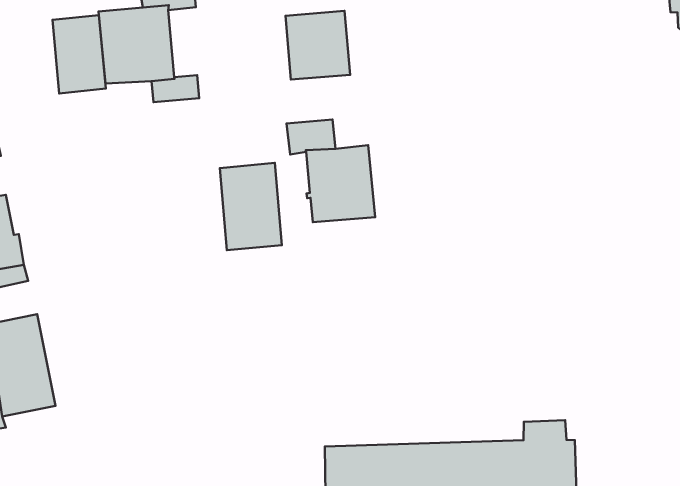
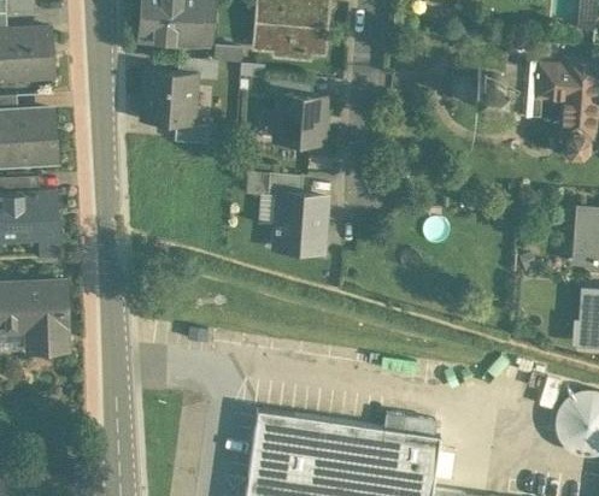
building: [52,15,106,93] -> none
building: [220,163,282,250] -> none

